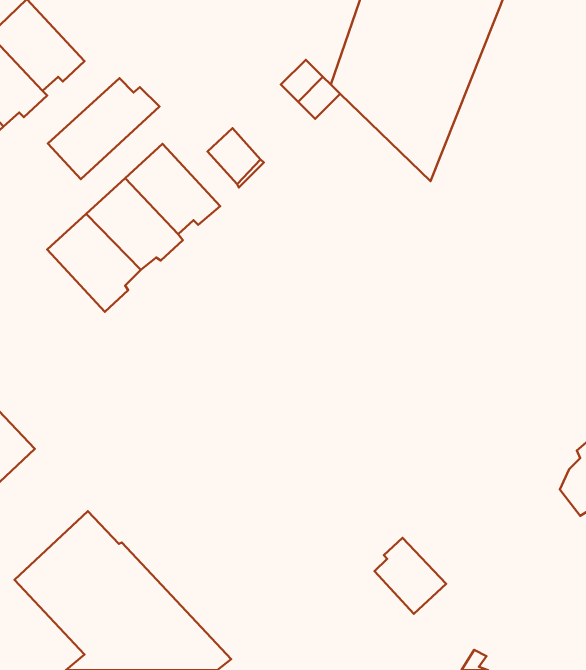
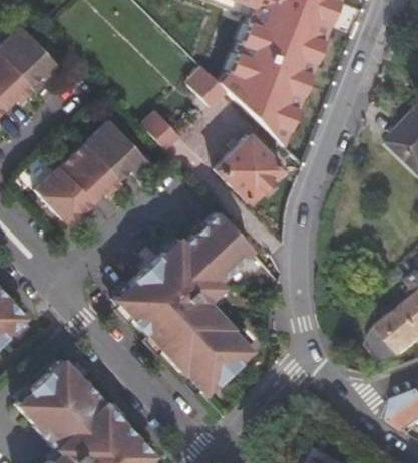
building: [48,78,159,179] -> none
building: none -> [211,131,280,198]
building: none -> [113,210,251,392]
building: [374,538,446,614] -> none

